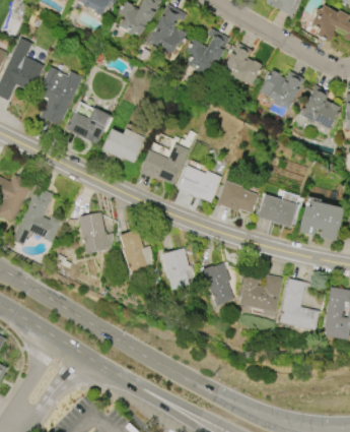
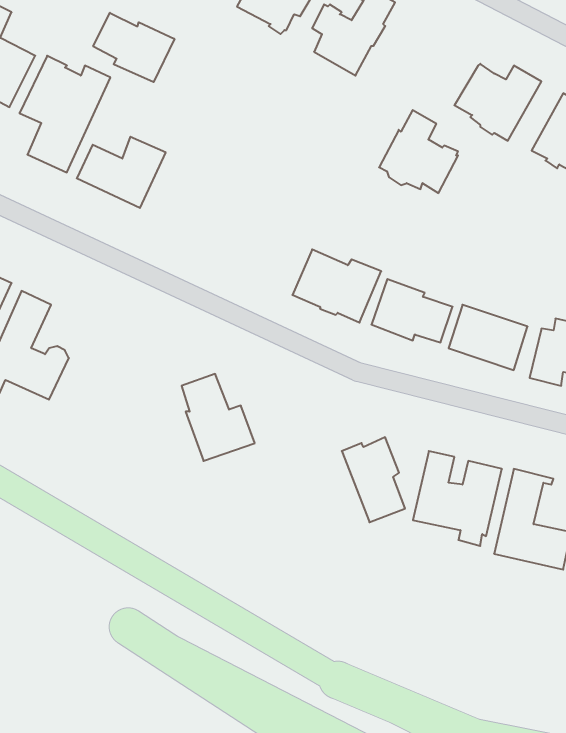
building: [221,42,262,84] -> [379,110,458,193]
building: none -> [93,13,174,82]
building: [100,127,144,163] -> none
building: [139,142,189,184] -> none
building: [78,211,106,252] -> none
building: [162,247,190,289] -> none

